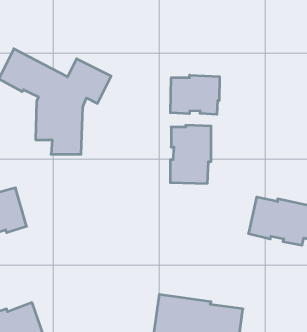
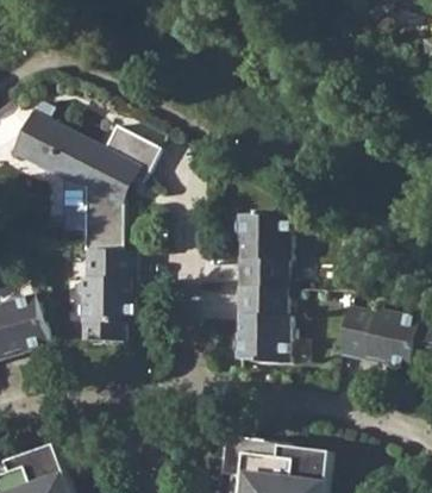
building: [170,75,219,114] -> none
building: none -> [81,250,136,341]
building: none -> [237,287,290,363]

